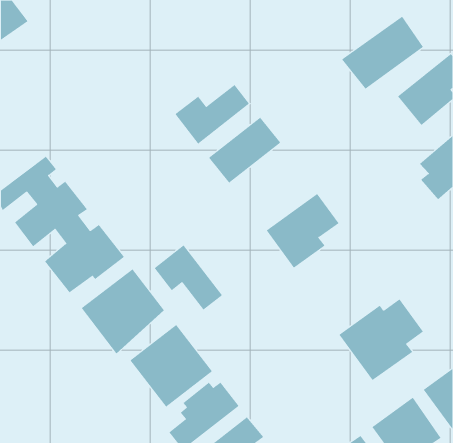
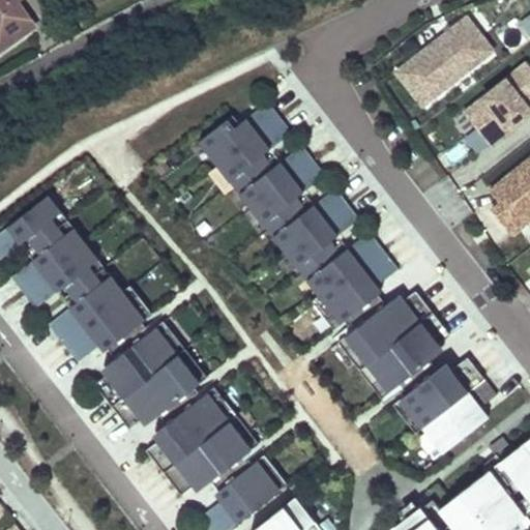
building: none -> [278,192,363,268]
building: [154,244,223,311] -> none
building: none -> [344,297,445,396]

